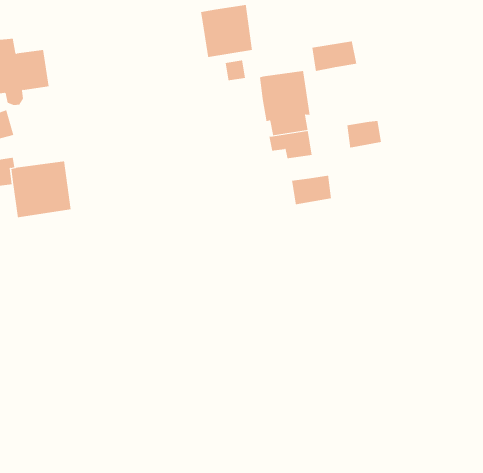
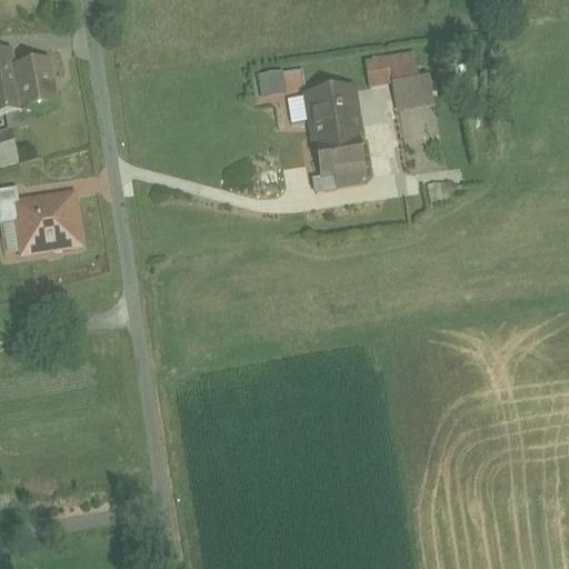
building: [201,4,253,58] -> none
building: [347,120,382,148] -> [391,73,432,106]
building: [291,175,331,205] -> none

